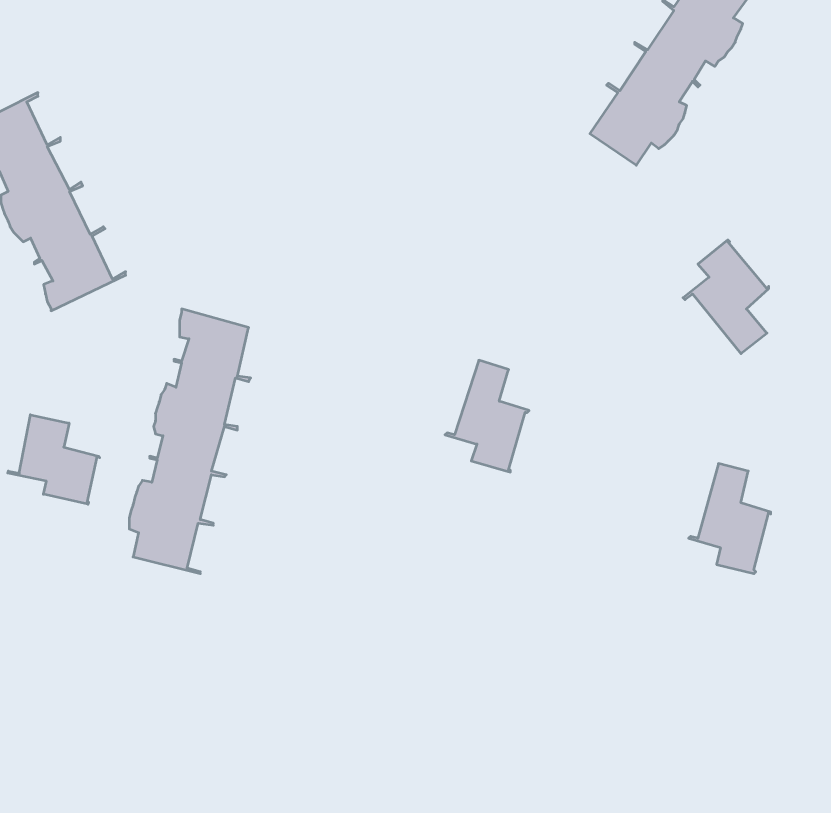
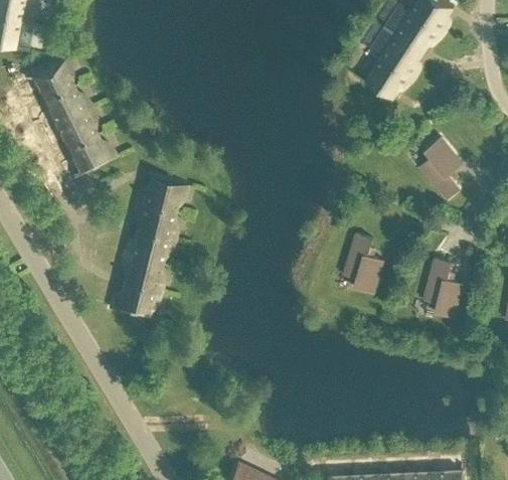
building: [445,360,529,472] -> [340,233,385,294]
building: [8,415,100,504] -> none

